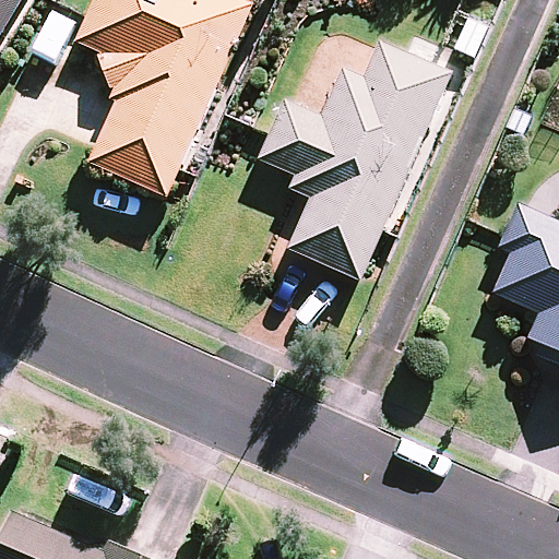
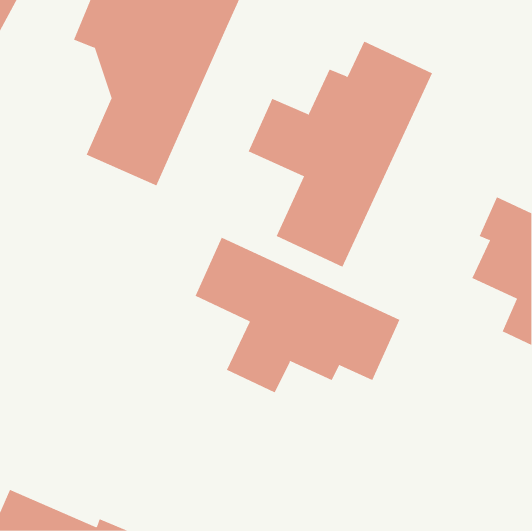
building: none -> [195,237,400,393]

